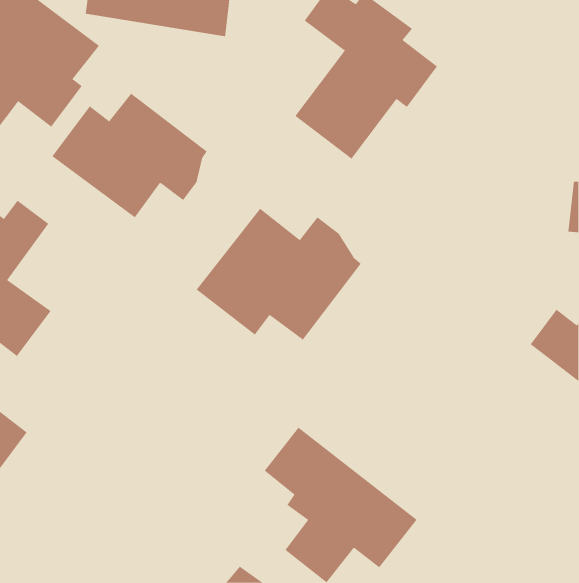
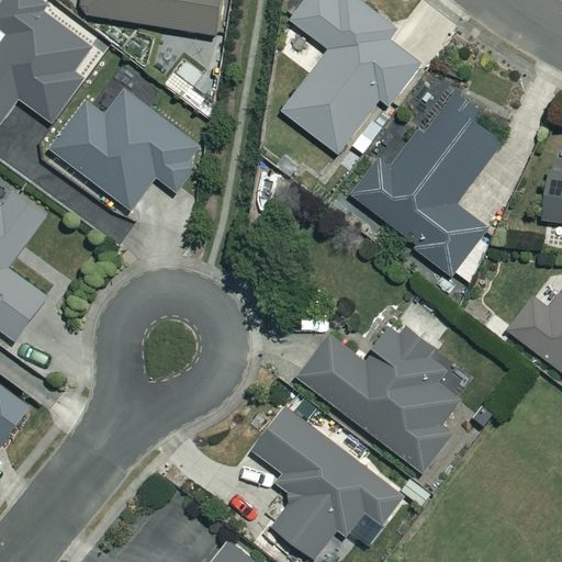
building: none -> [351,92,506,302]
building: [196,208,362,341] -> none
building: none -> [297,321,460,471]

